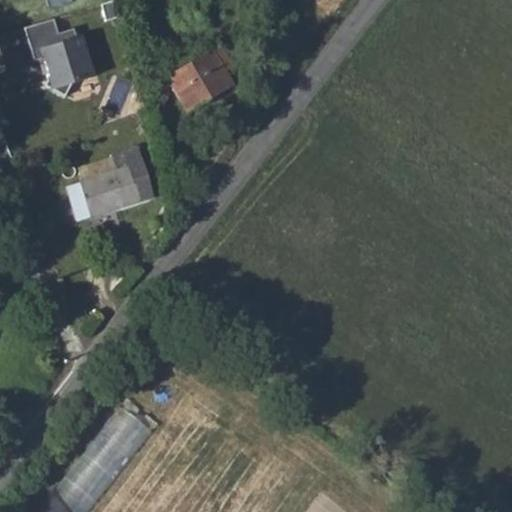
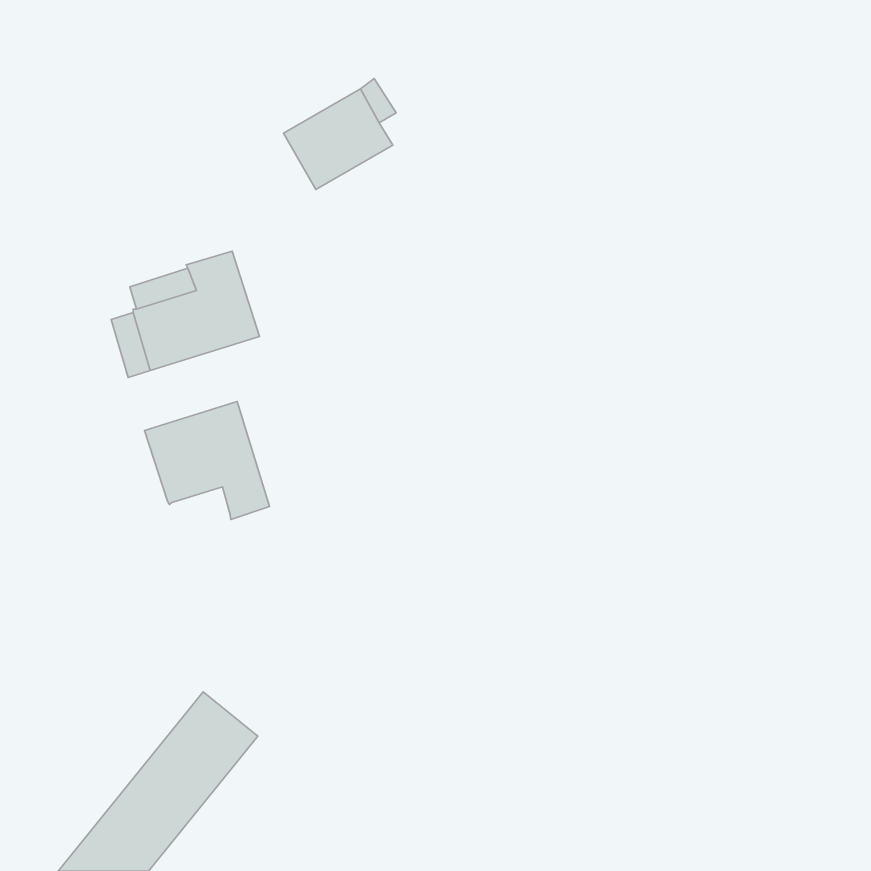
building: [23,19,92,96] -> none
building: none -> [144,401,270,520]

